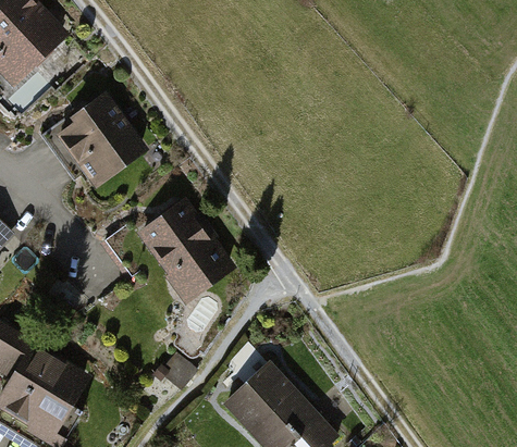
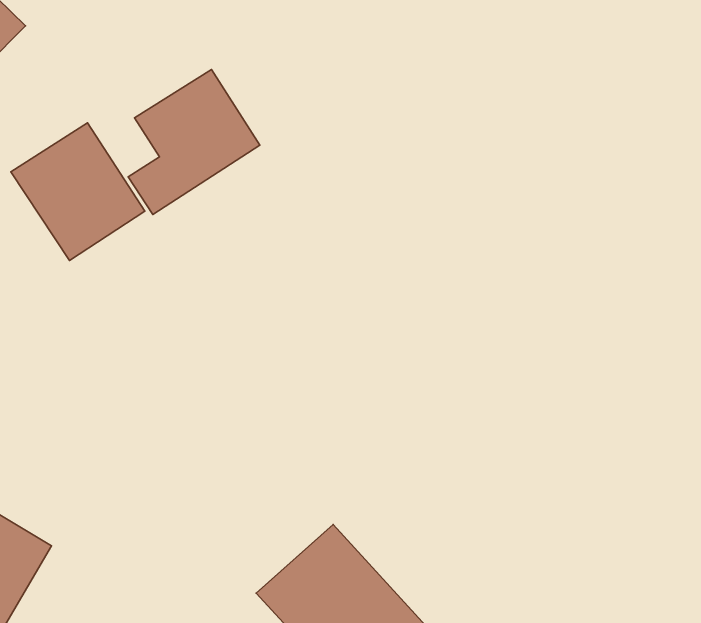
building: none -> [128,70,260,215]
building: [135,200,226,298] -> none

